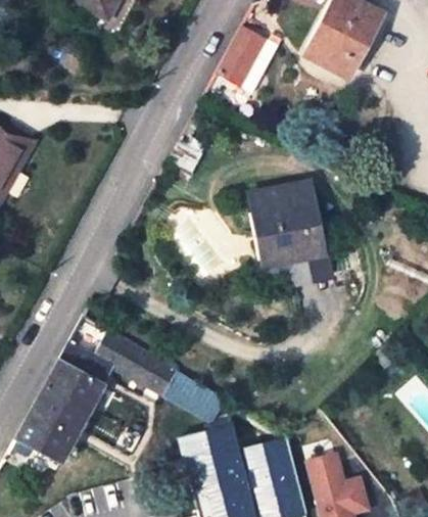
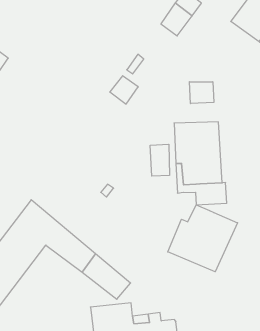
building: none -> [189,82,214,104]
building: none -> [150,144,169,176]
building: none -> [168,205,238,272]

